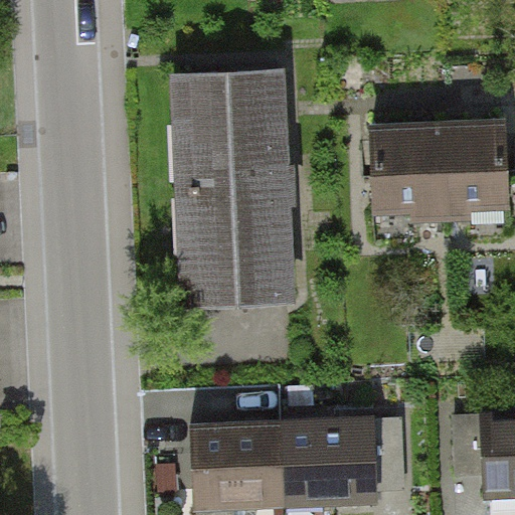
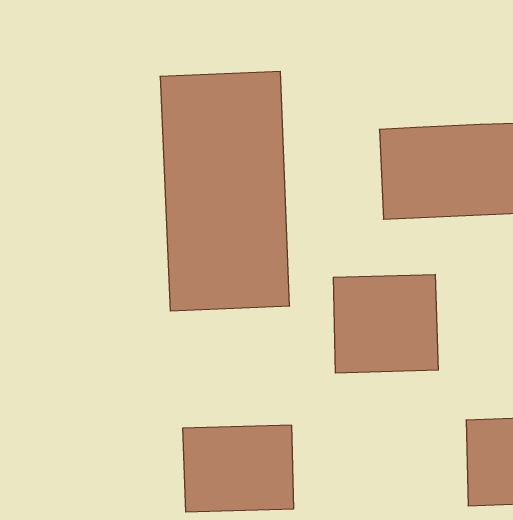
building: none -> [333,274,438,373]
building: [296,417,405,503] -> none

